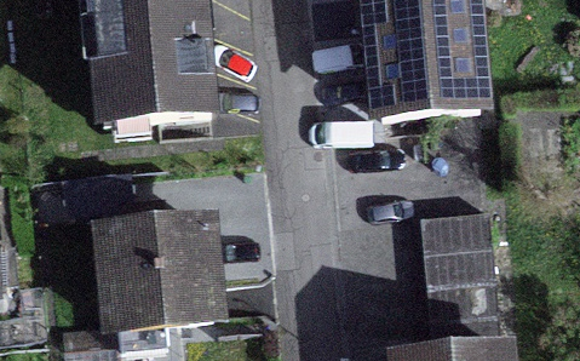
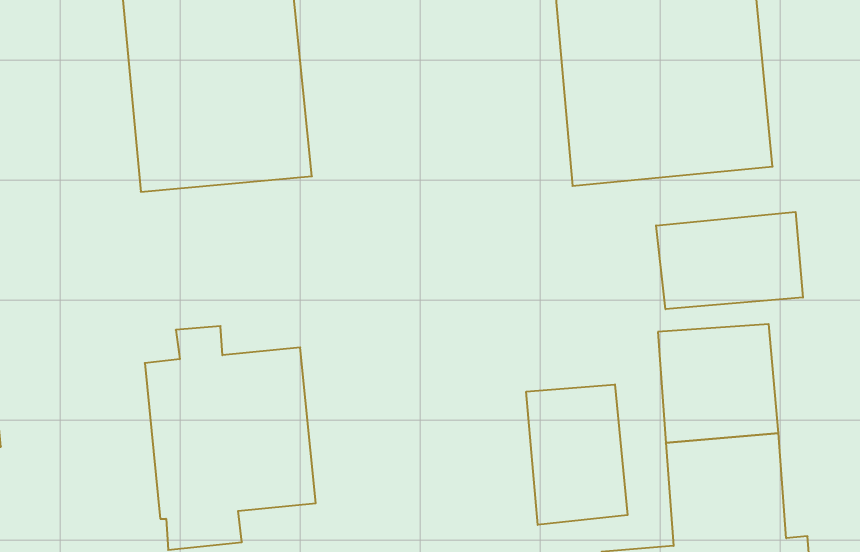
building: none -> [656,212,803,309]
building: none -> [526,384,628,525]

